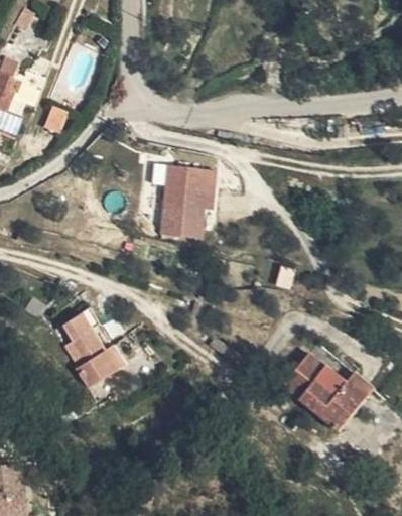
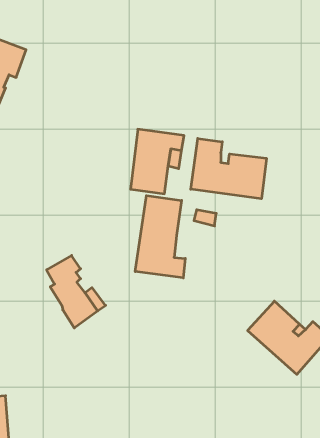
building: none -> [191,138,266,199]
building: none -> [135,196,185,278]

